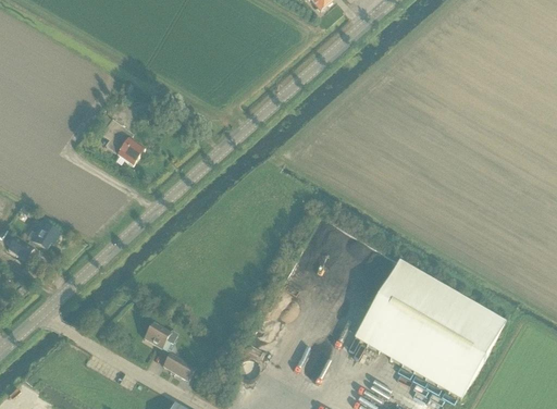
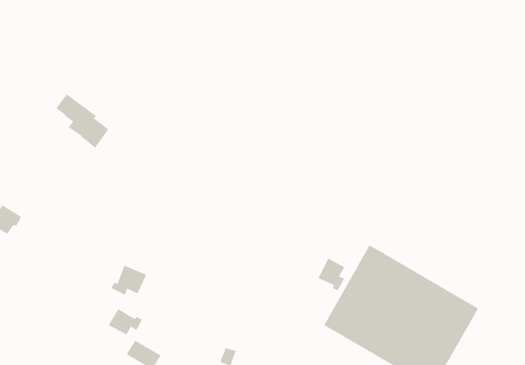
building: none -> [318,258,345,291]
building: none -> [111,265,147,296]

